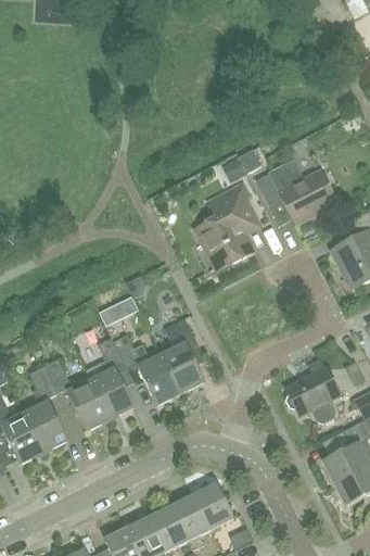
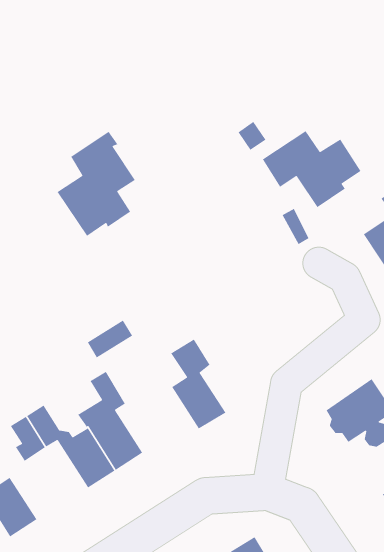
building: [195,184,260,267] -> [56,131,136,237]
building: [114,333,181,404] -> none
building: [25,402,67,451] -> none

